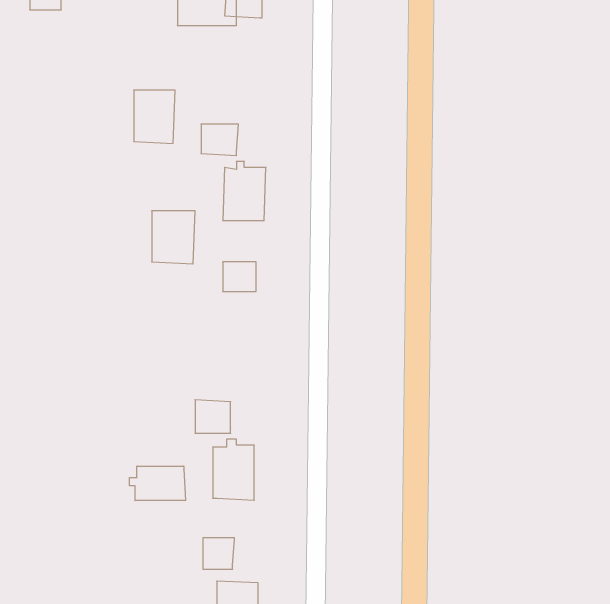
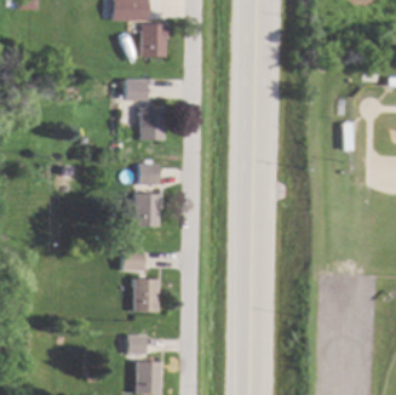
building: [134,90,175,143] -> [140,24,166,57]
building: [152,211,195,264] -> [132,194,159,227]
building: [130,466,185,501] -> none

